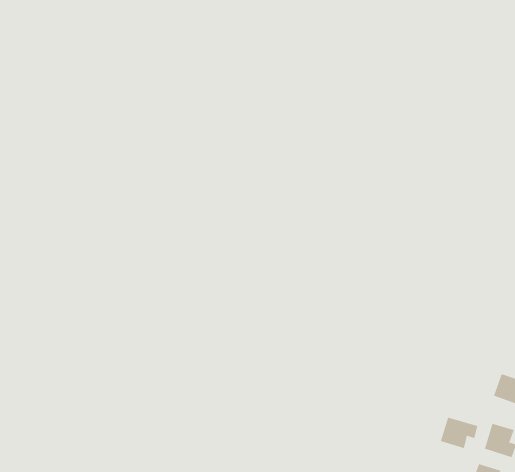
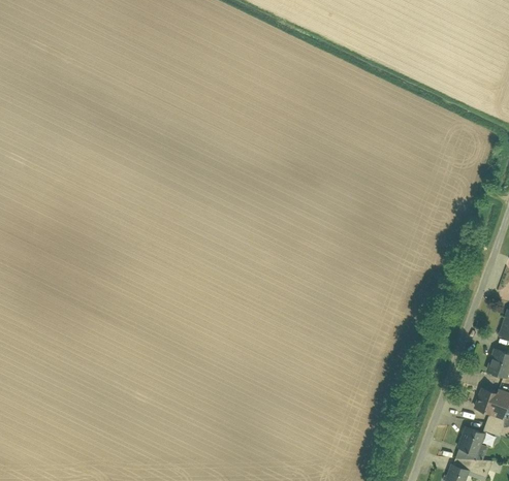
building: [440,417,478,449] -> none

